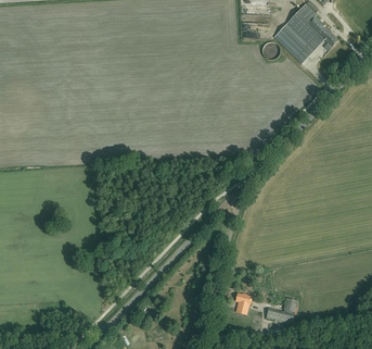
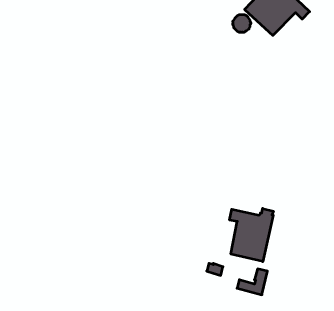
building: none -> [230,208,273,262]

